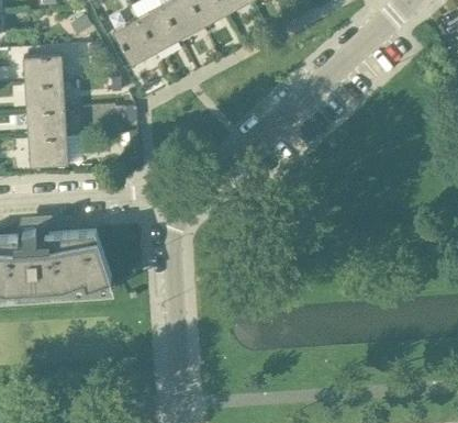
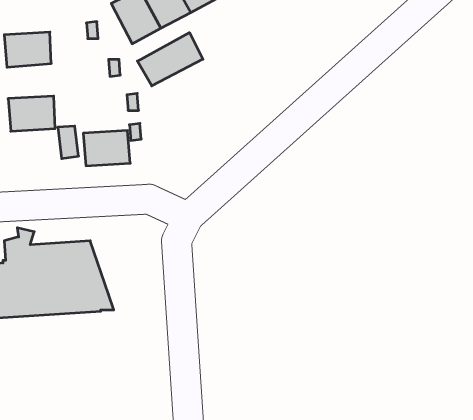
building: none -> [137,33,203,86]
building: [24,84,64,113] -> none
building: [27,138,67,168] -> [83,131,130,166]

